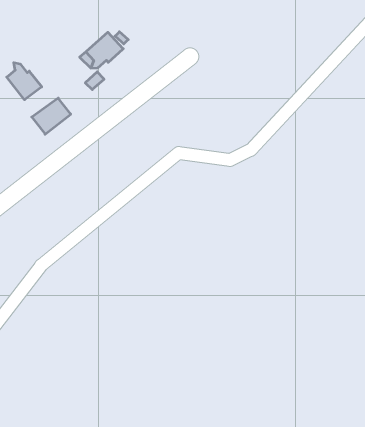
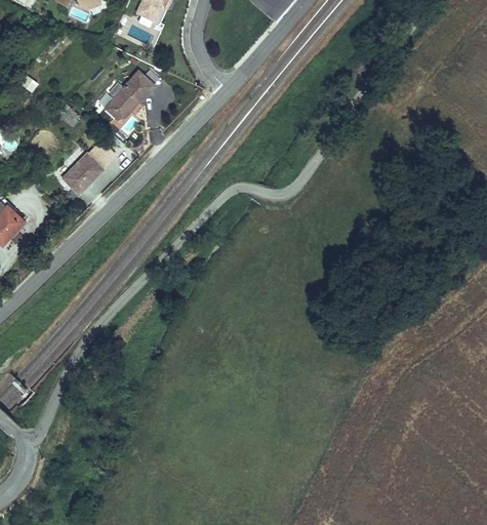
building: [7,63,42,100] -> none

